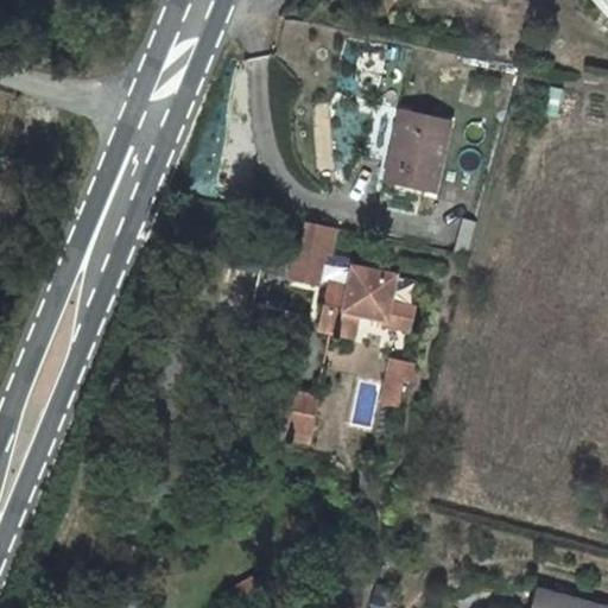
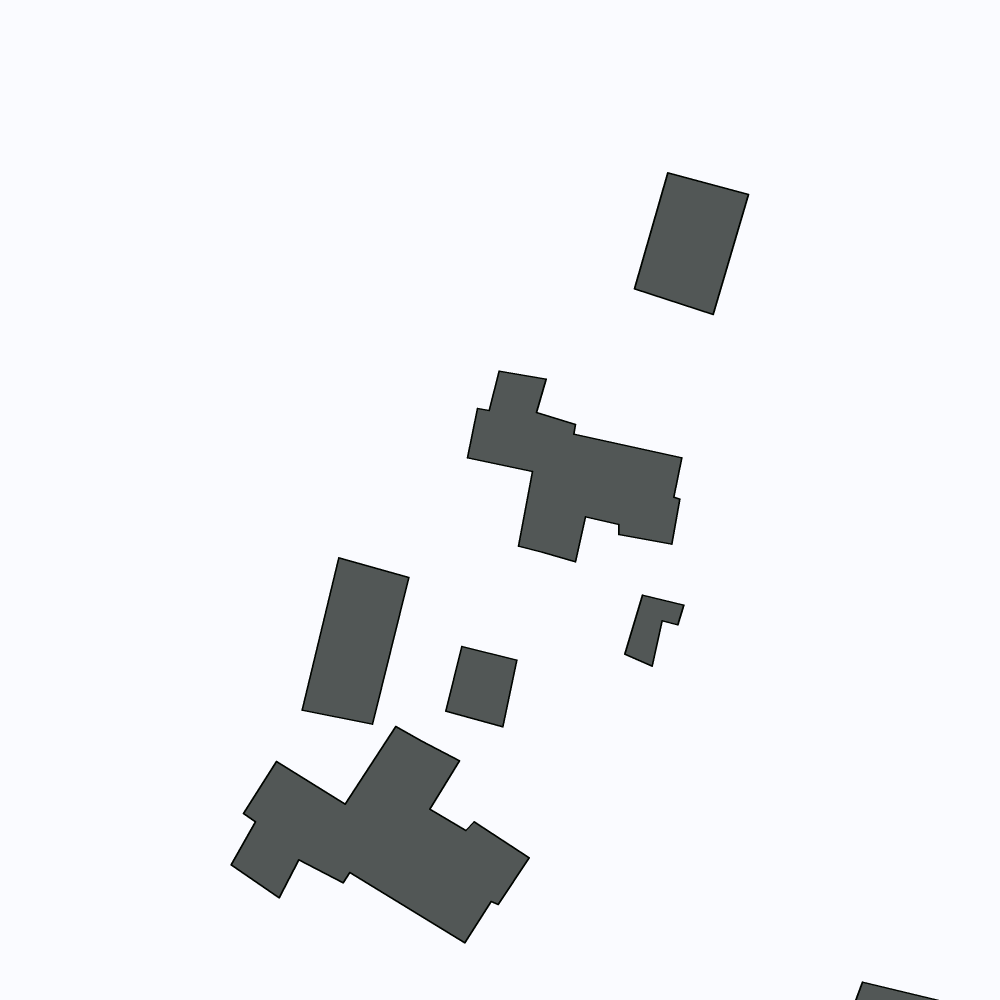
building: none -> [302,558,409,724]
building: none -> [231,726,529,943]

